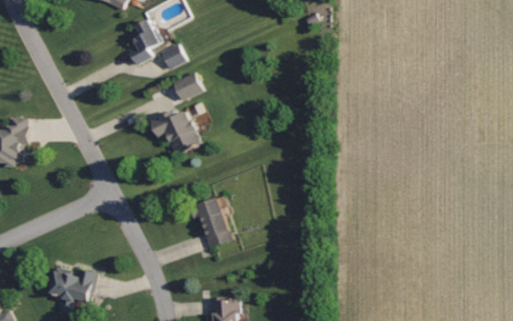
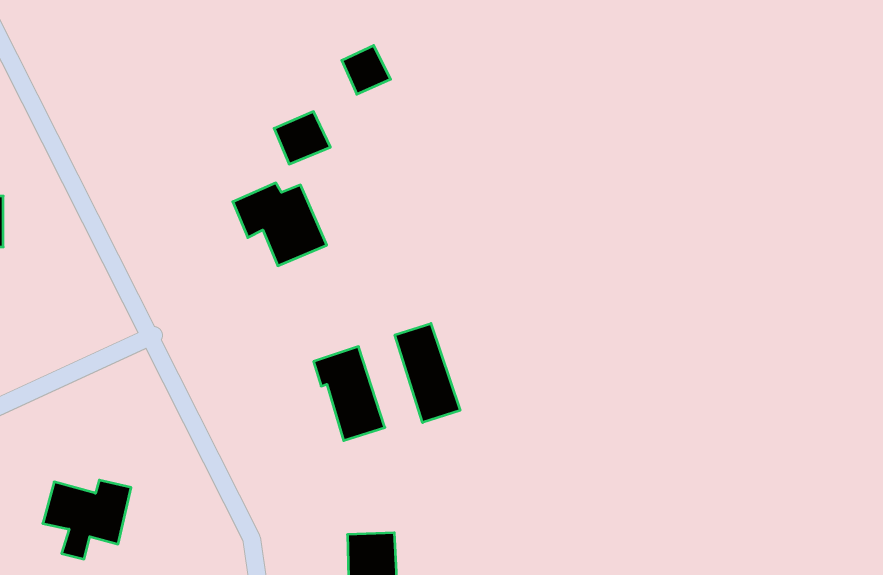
building: [124,19,160,64] -> none
building: [160,43,186,69] -> [342,45,391,94]
building: none -> [395,323,460,423]

